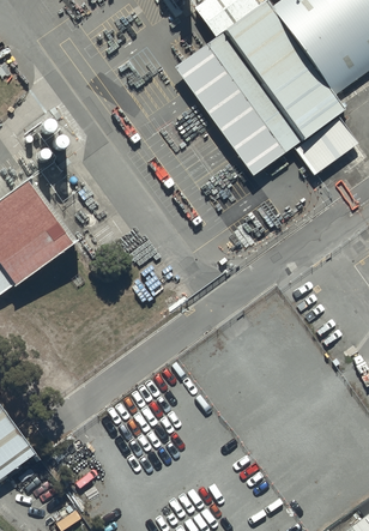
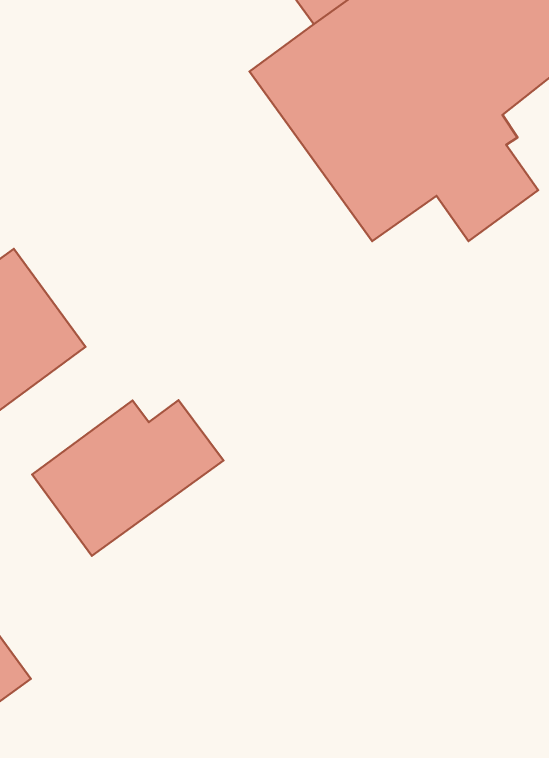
building: none -> [32,400,224,556]

